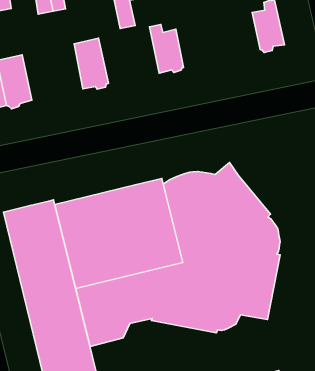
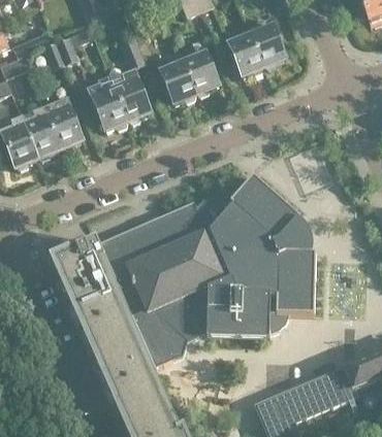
building: none -> [226,31,264,75]
building: none -> [183,44,219,96]
building: none -> [113,72,152,123]
building: none -> [44,101,84,152]

